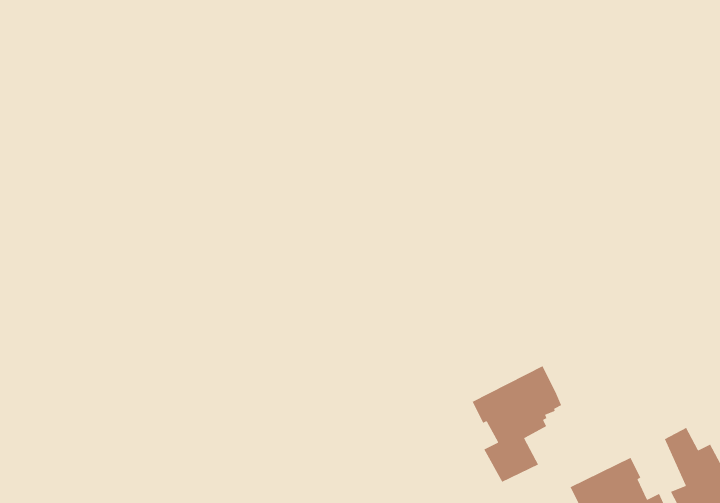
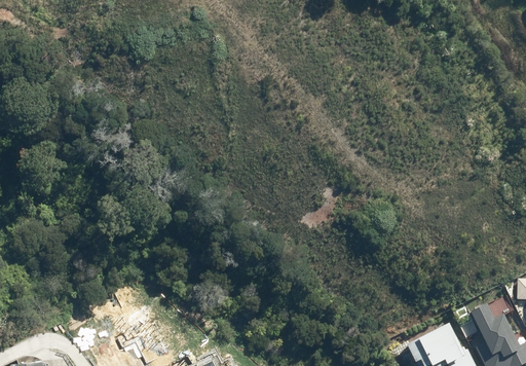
building: [472,365,562,483] -> none

